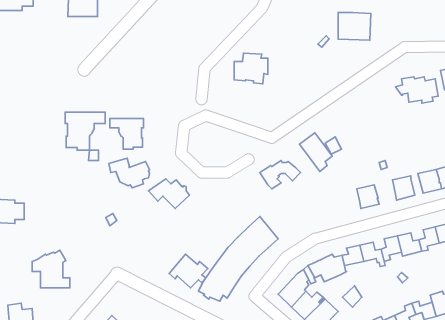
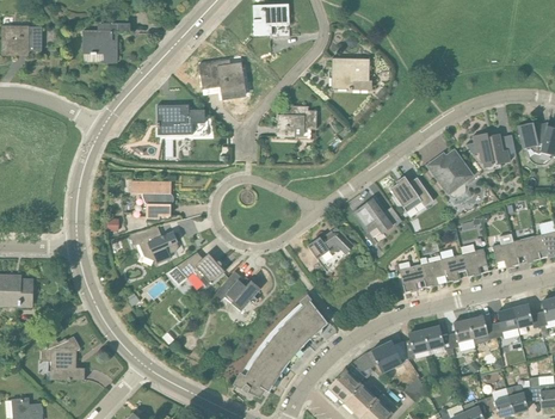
building: [338,13,371,40] -> [332,57,370,90]
building: none -> [198,61,246,97]
building: none -> [156,104,208,136]
building: none -> [426,149,473,191]
building: [65,112,105,150] -> none
building: none -> [390,175,433,218]
building: none -> [440,253,467,282]
building: none -> [399,264,425,291]
building: [169,254,208,288] -> [215,271,260,310]

